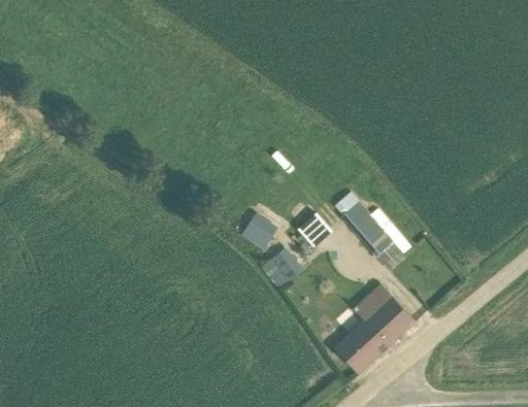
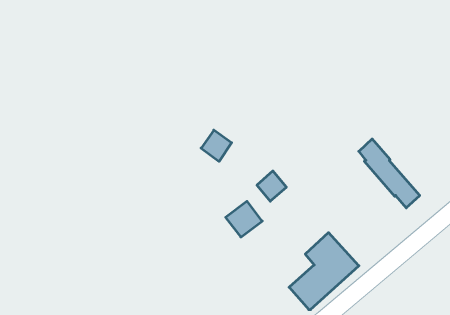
building: [335,192,405,271] -> [359,139,420,208]
building: [242,213,277,249] -> [201,130,232,161]

